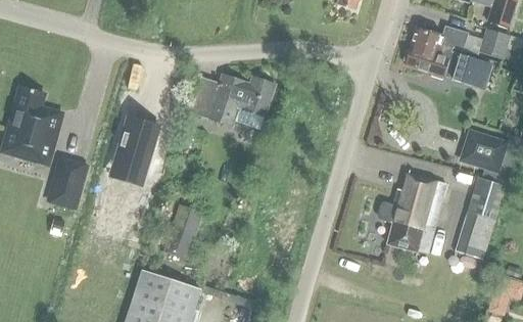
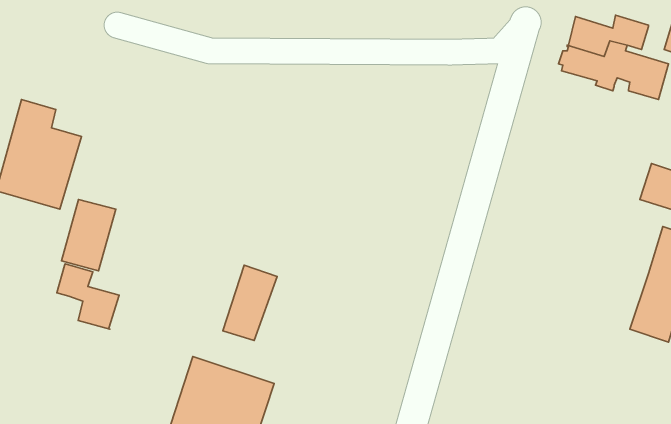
building: [191,74,275,126] -> none
building: [114,119,158,175] -> none
building: [377,173,446,254] -> none
building: none -> [57,264,119,329]

